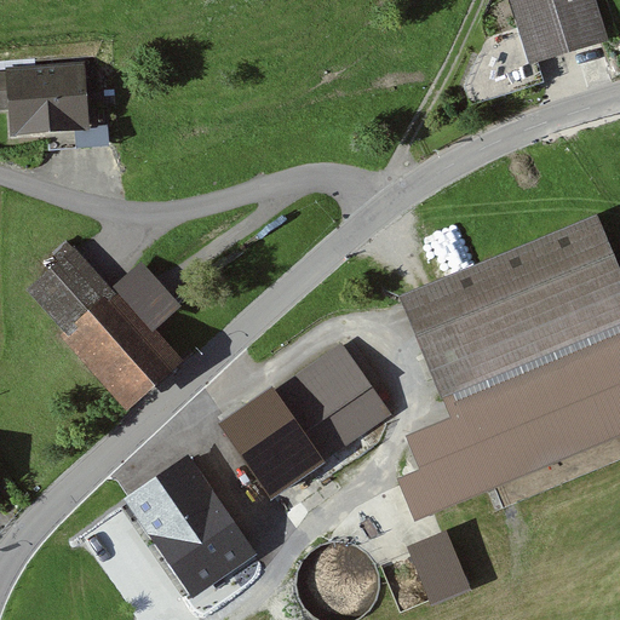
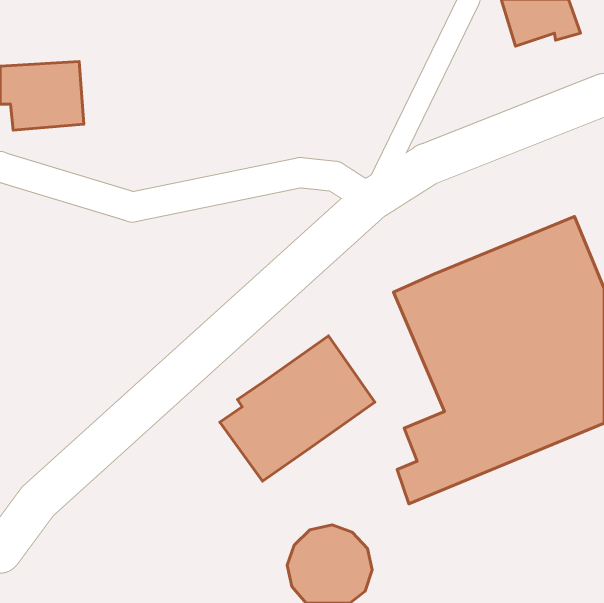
building: [27,249,180,397] -> none
building: [124,457,257,601] -> none
building: [408,532,469,603] -> none

